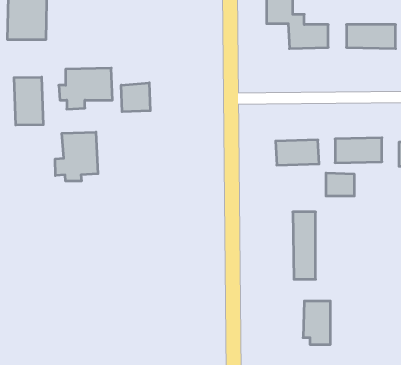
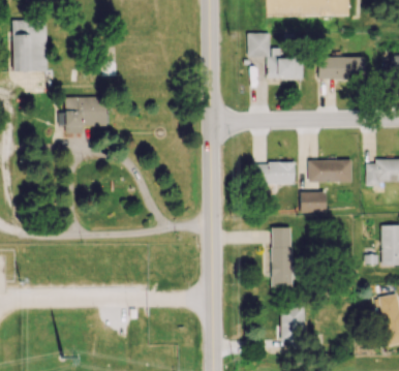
building: [14,77,43,125] -> none
building: [121,83,150,112] -> none
building: [55,132,98,181] -> none

